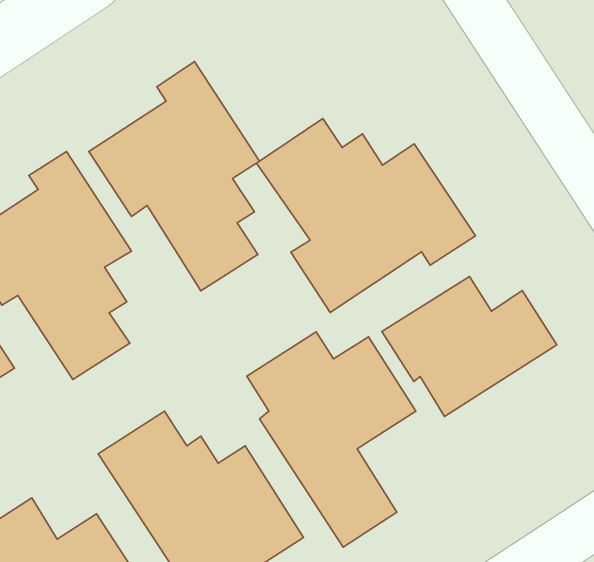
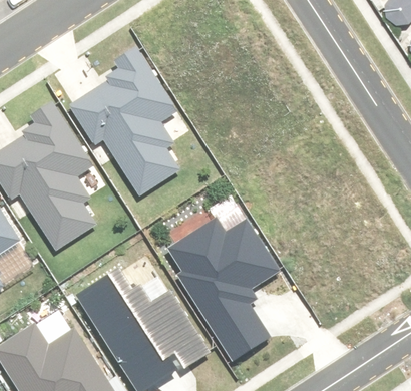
building: [257,119,475,312] -> none
building: [382,276,557,416] -> none

